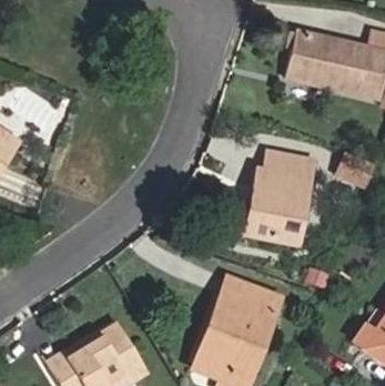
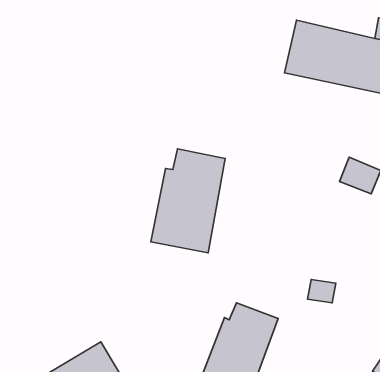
building: [244,150,312,244] -> [151,149,225,253]

